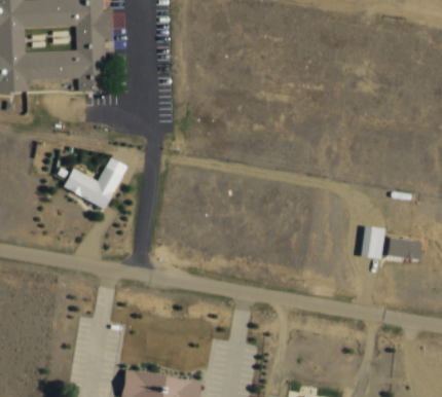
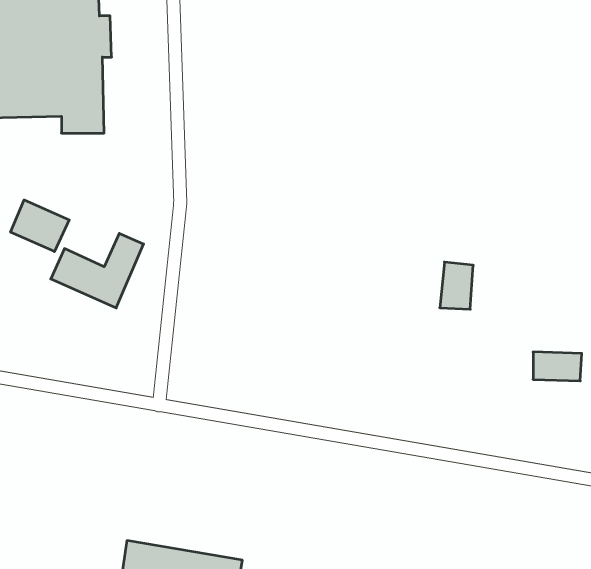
building: none -> [11,200,69,252]
building: [364,226,386,258] -> [440,262,473,309]

